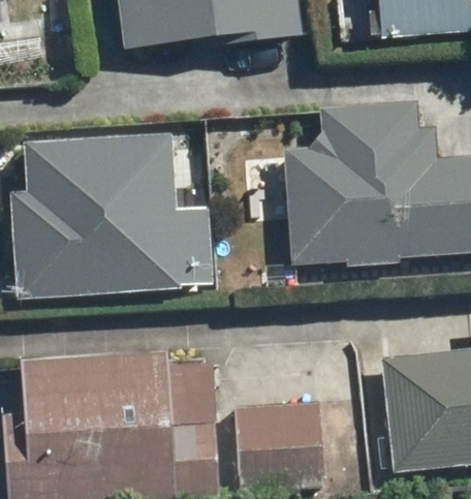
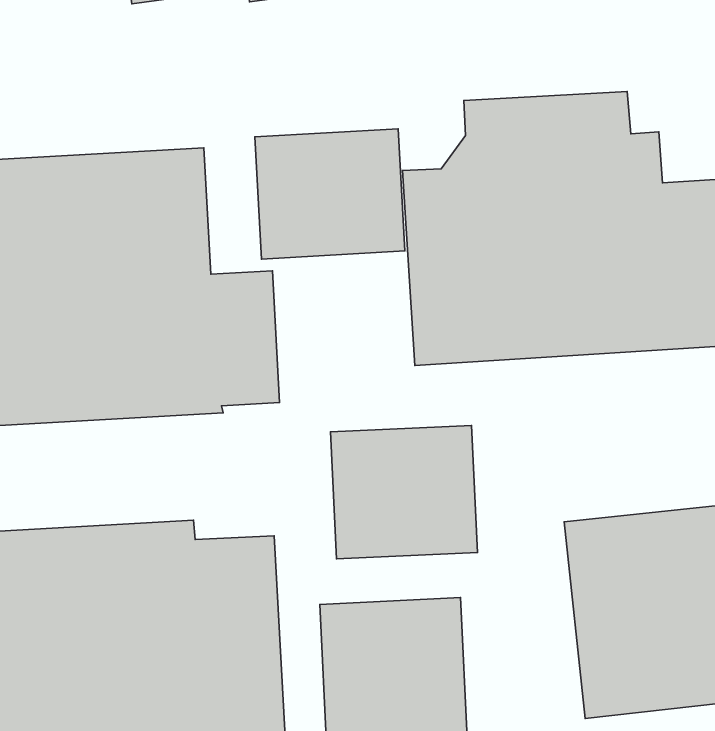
building: none -> [255,129,405,259]
building: none -> [331,426,477,559]

